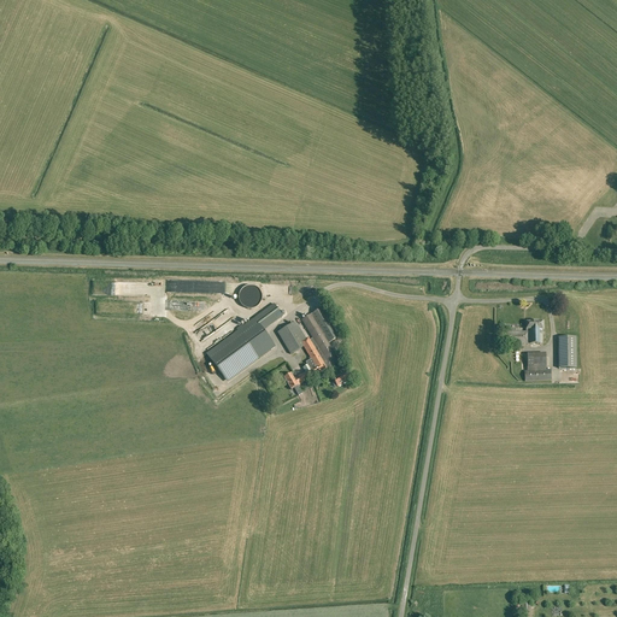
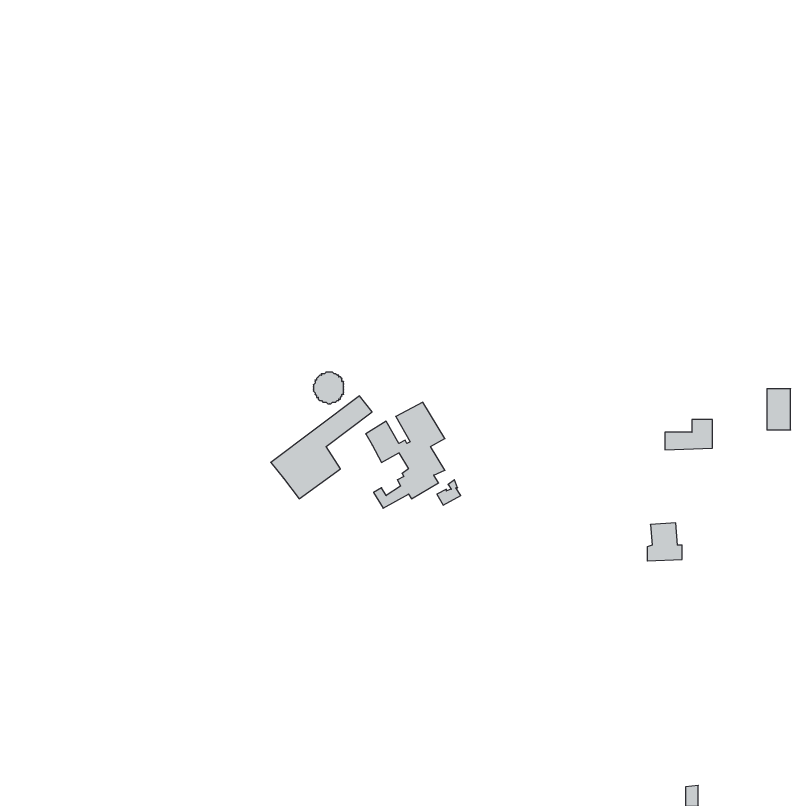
building: [558,335,576,366] -> [767,389,791,430]
building: [524,351,551,380] -> [647,523,682,561]

